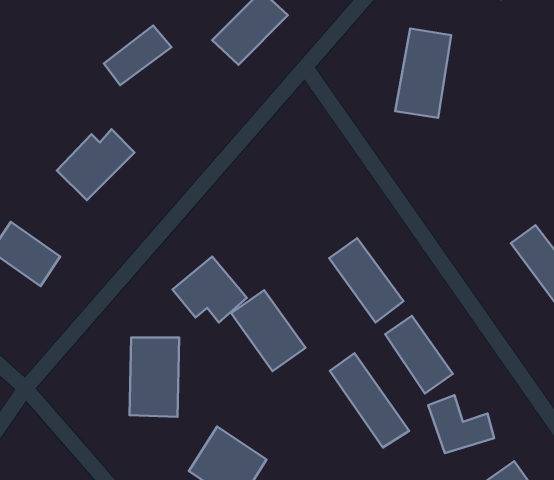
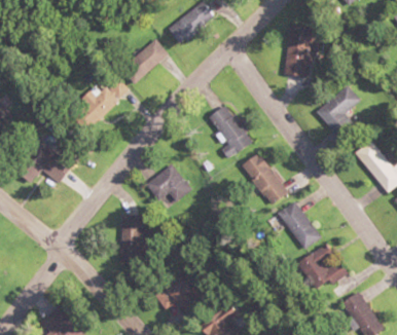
building: [104,26,171,85] -> [125,43,168,80]
building: none -> [317,89,357,140]
building: [231,290,305,371] -> [208,104,254,154]
building: [330,353,409,448] -> none

